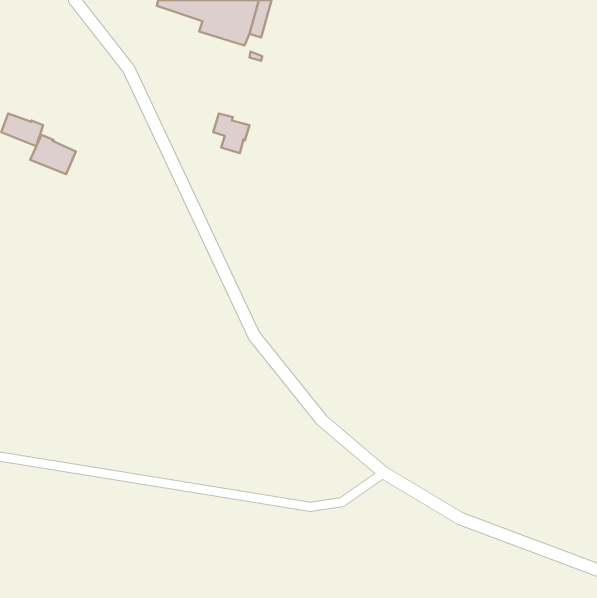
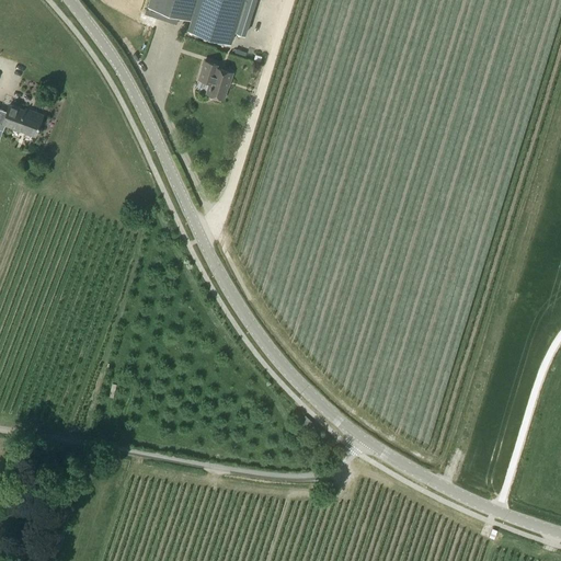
building: [213,114,249,153] -> [197,62,231,100]
building: [30,135,76,174] -> none

